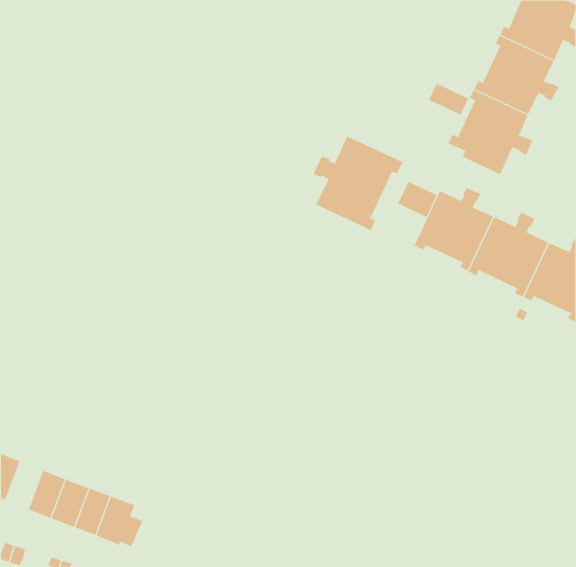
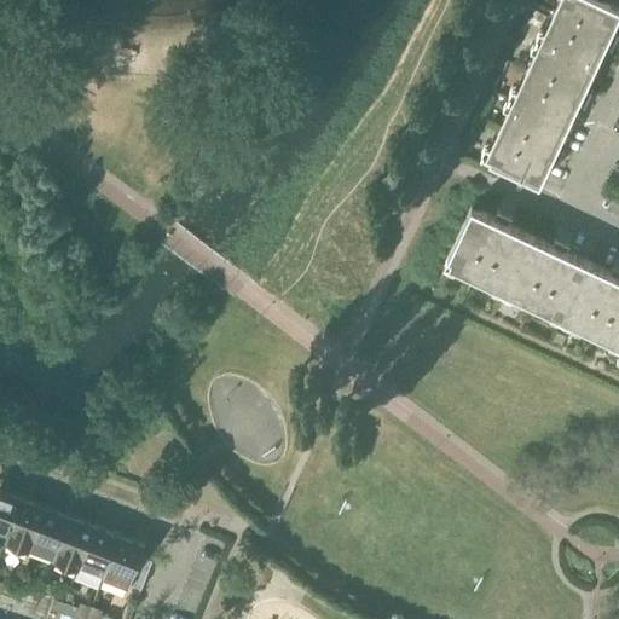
building: [428,83,469,115] -> none
building: [313,136,403,231] -> none
building: [398,181,437,218] -> none
building: none -> [6,504,46,556]

